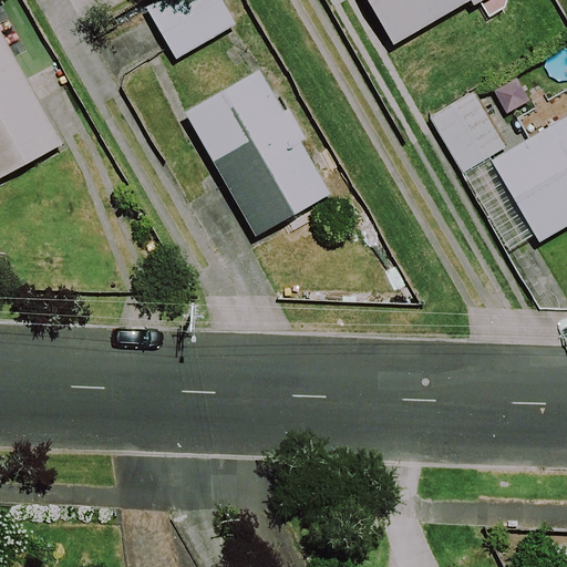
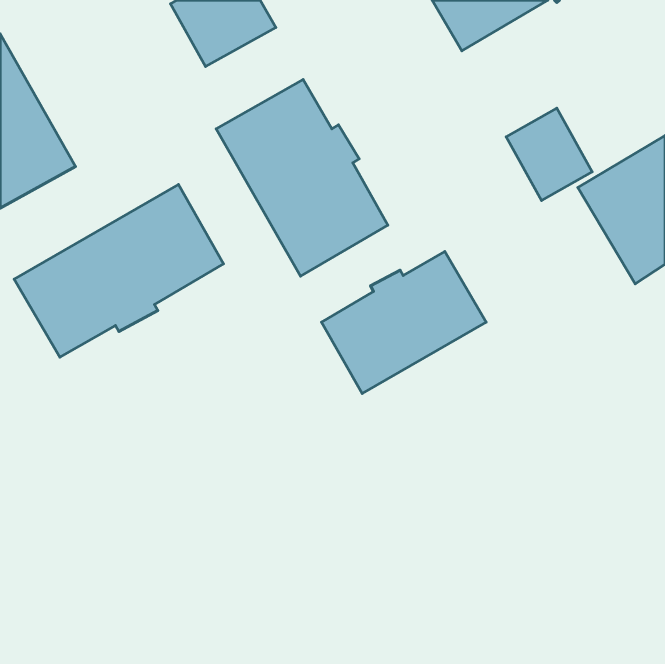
building: none -> [14,184,224,357]
building: none -> [321,252,486,394]

